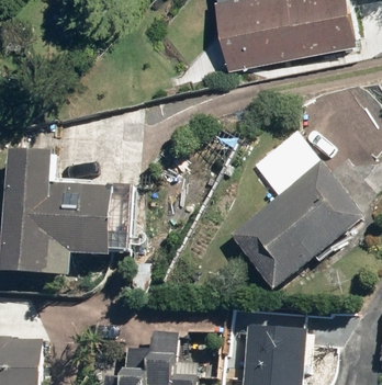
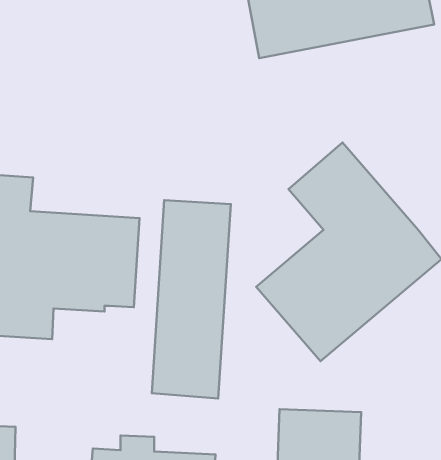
building: none -> [152,200,231,398]

